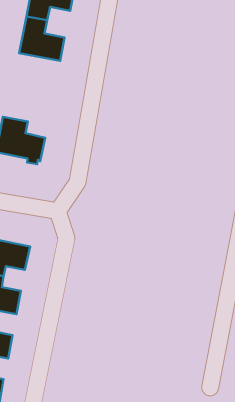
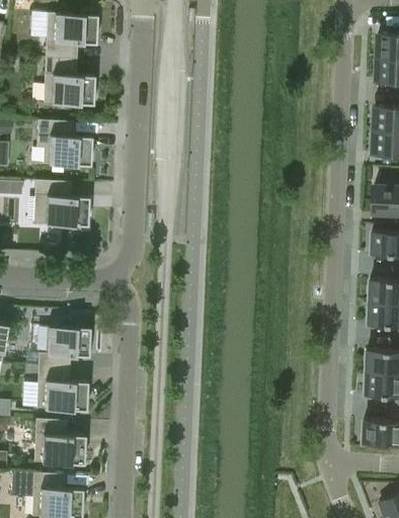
building: none -> [35,120,90,166]

